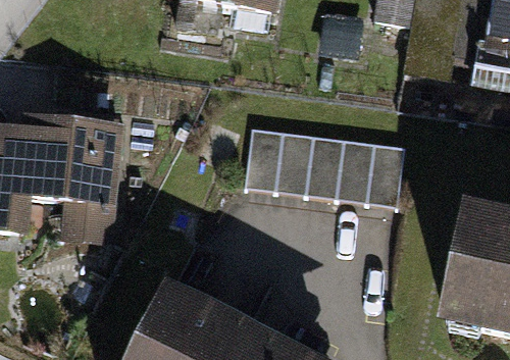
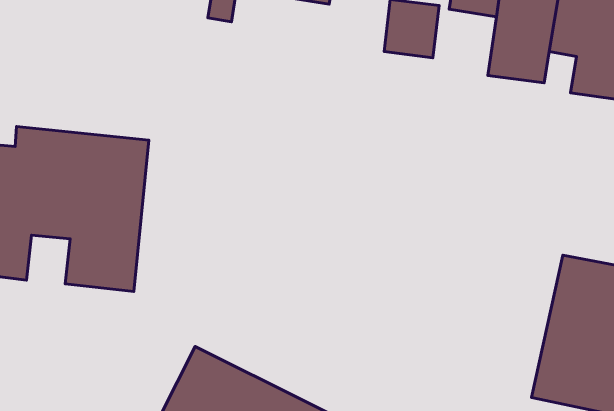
building: [245,123,406,203] -> none

